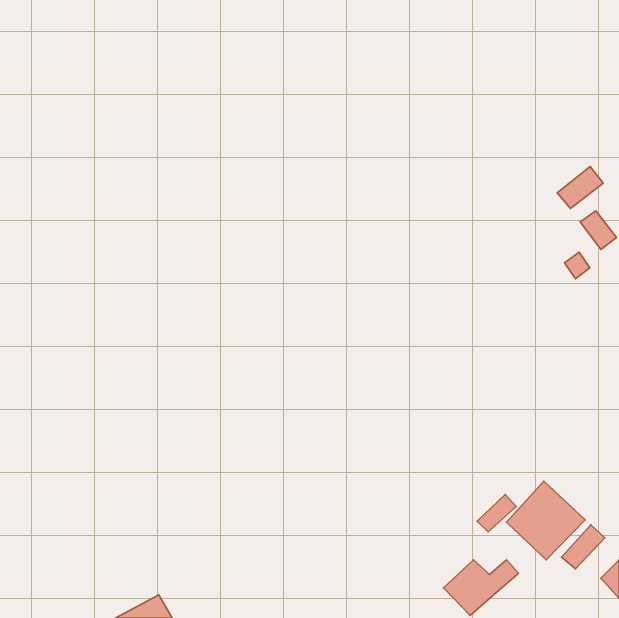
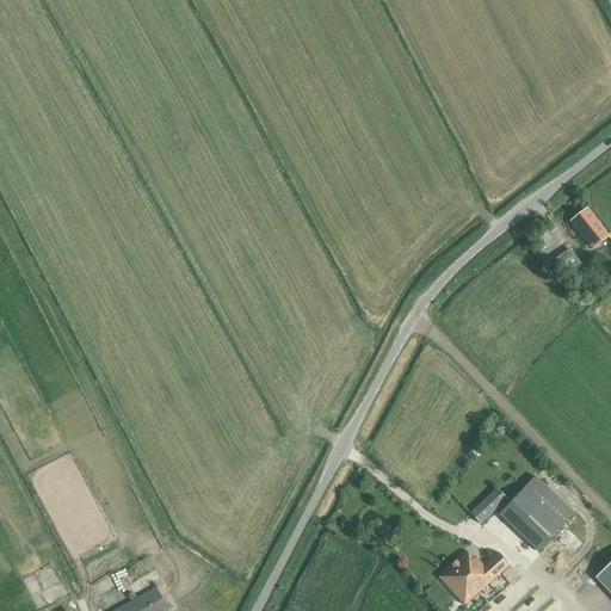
building: [557,166,603,208] -> none
building: [561,525,605,569] -> none

